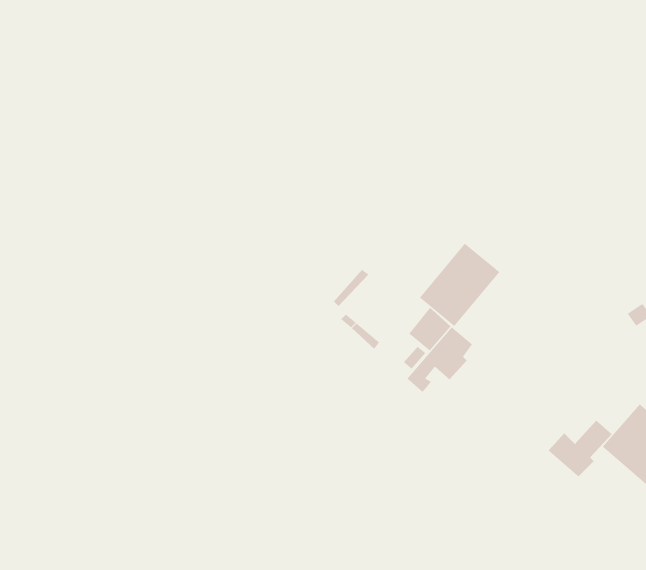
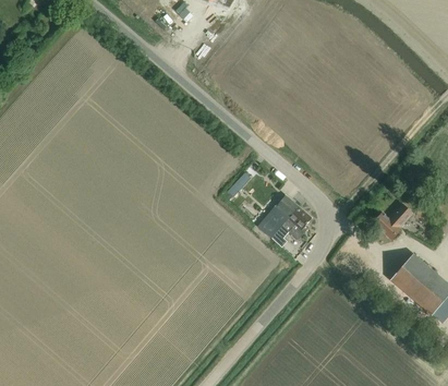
building: [419,243,500,327] -> none
building: [548,420,612,477] -> [372,205,411,240]

